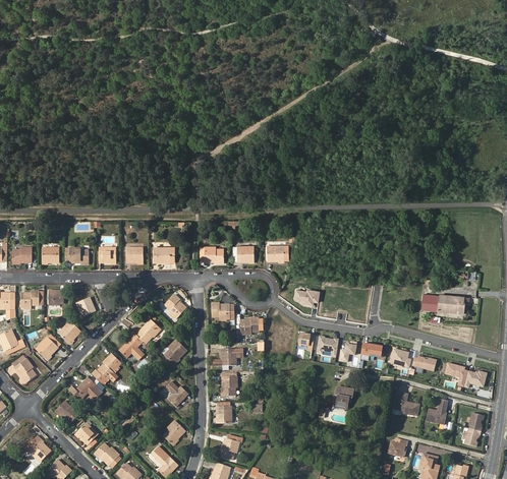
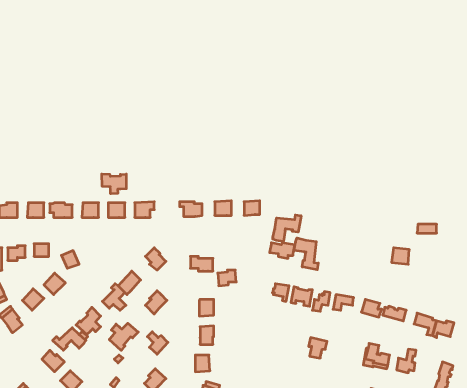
building: none -> [102,174,126,194]
building: none -> [273,215,301,241]
building: none -> [294,238,318,270]
building: [438,294,464,313] -> none
building: none -> [109,323,138,350]

